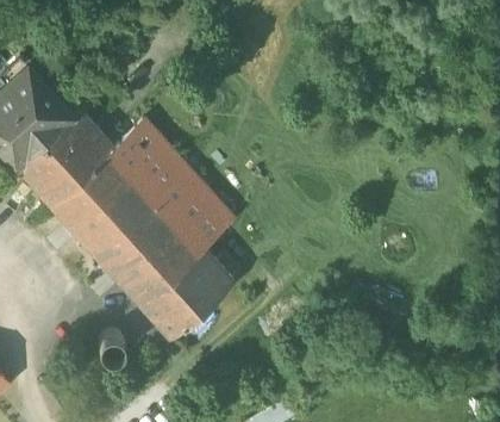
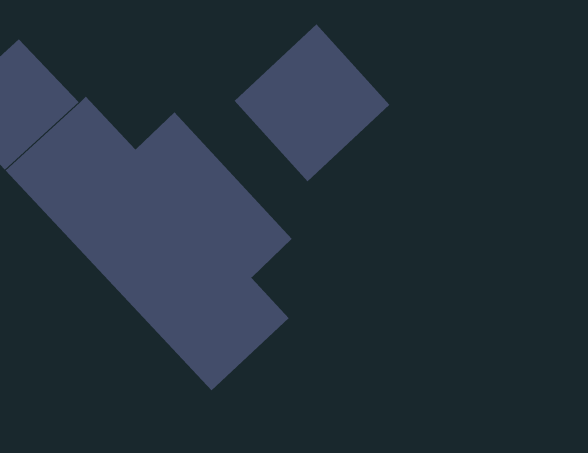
building: none -> [234,23,390,182]

